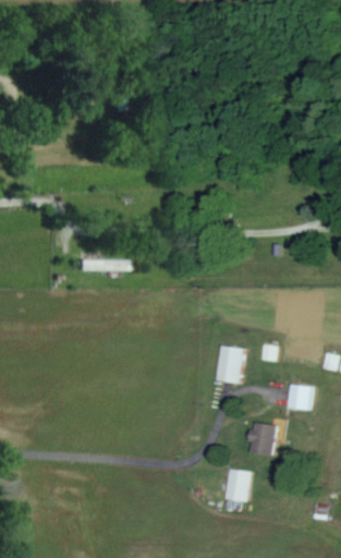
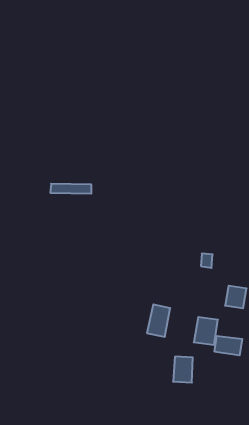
building: [215,344,243,384] -> [147,304,170,337]
building: none -> [215,336,242,355]

